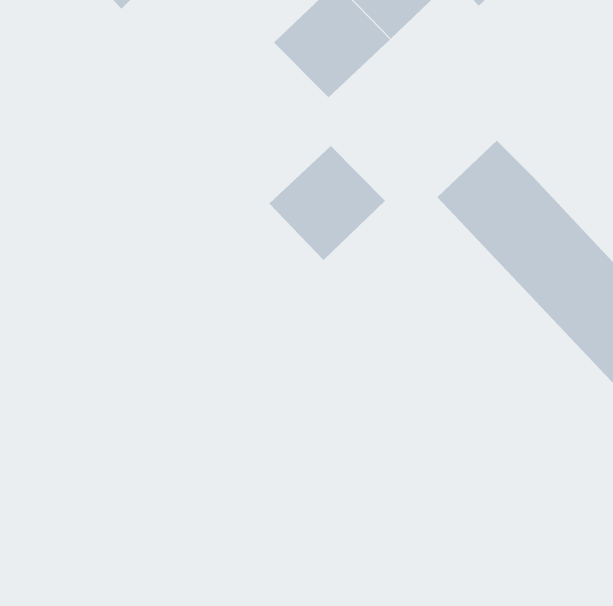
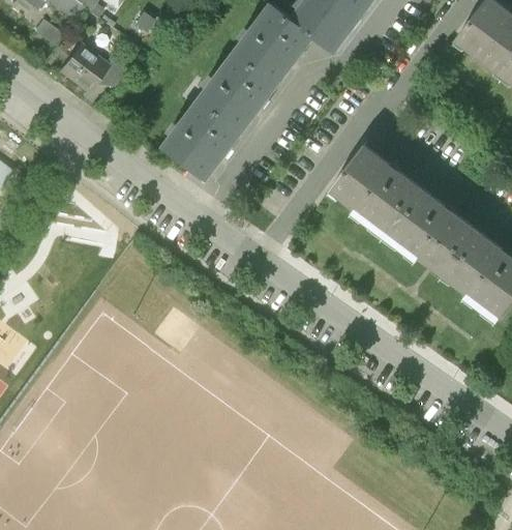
building: [268,145,386,261] -> [160,100,241,181]

